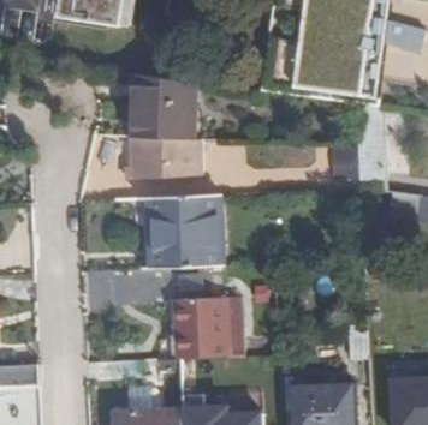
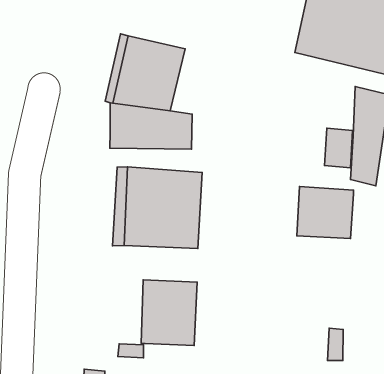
building: none -> [297,186,353,239]

